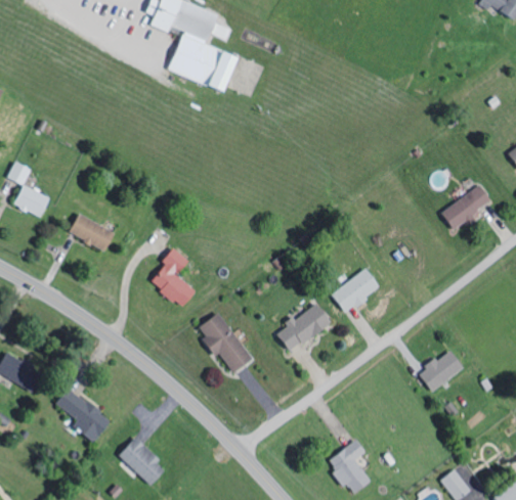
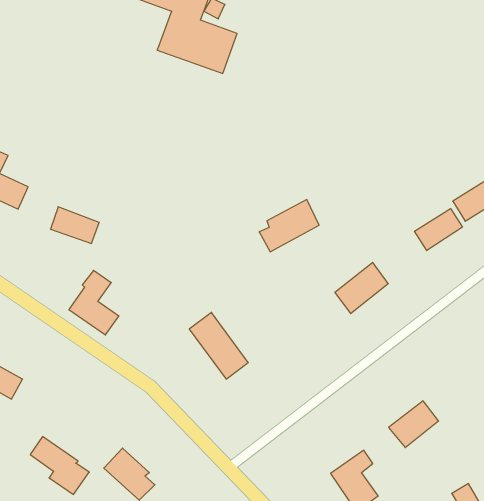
building: none -> [415,209,462,251]
building: [150,247,197,307] -> [69,270,119,335]
building: [277,302,333,350] -> [259,200,319,252]
building: [418,348,464,391] -> [389,401,439,448]
building: [56,388,111,441] -> [30,437,89,494]

